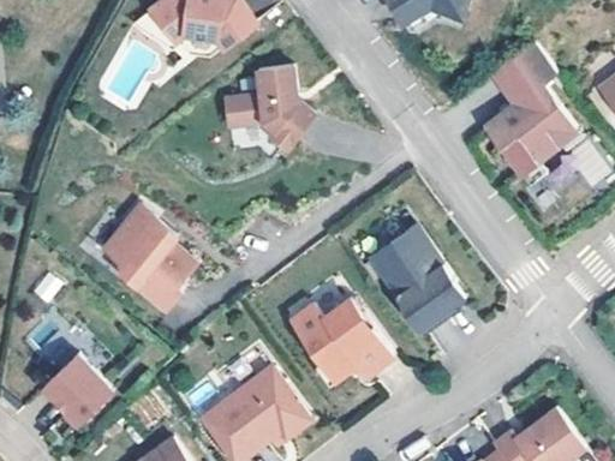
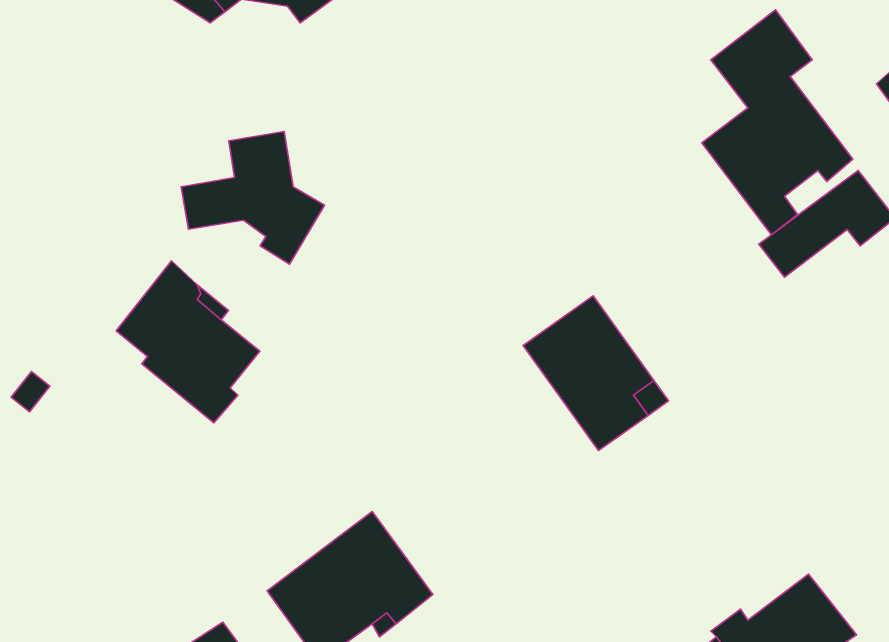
building: [219,66,312,152] -> [181,132,325,264]
building: [288,297,394,385] -> none
building: [42,353,112,423] -> none

